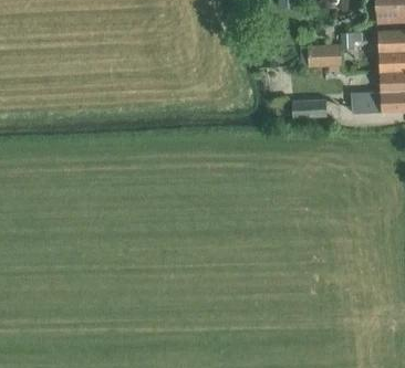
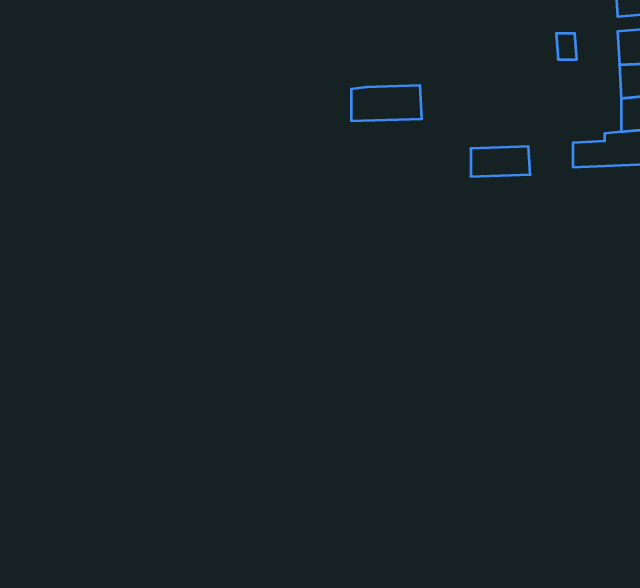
building: [300,45,342,66] -> [351,85,422,121]

